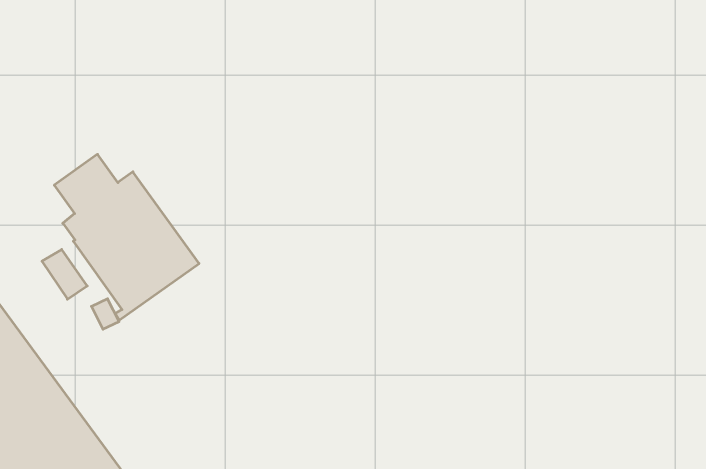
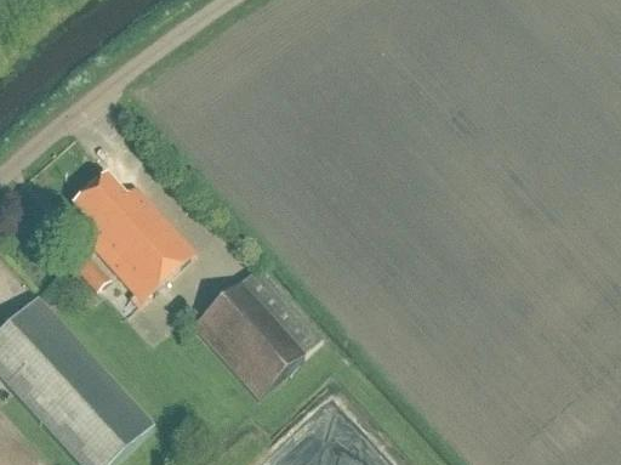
building: none -> [190,262,324,396]

